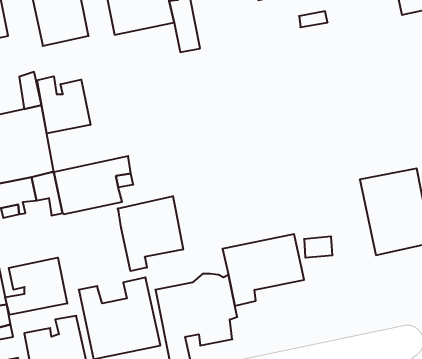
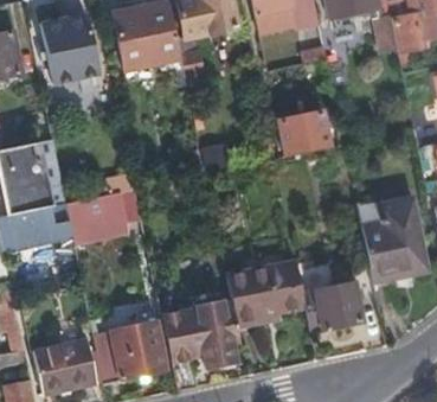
building: [37,76,90,133] -> none
building: none -> [278,111,329,155]
building: [118,196,183,271] -> none
building: none -> [302,285,360,333]
building: [5,258,67,315] -> none

